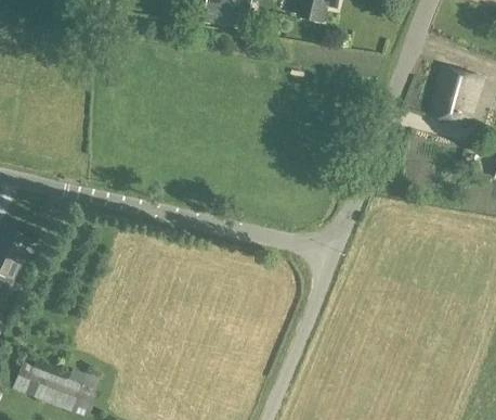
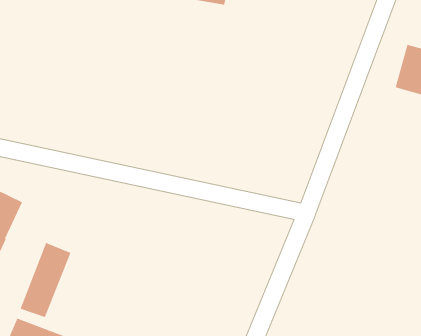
building: none -> [20,242,71,318]

